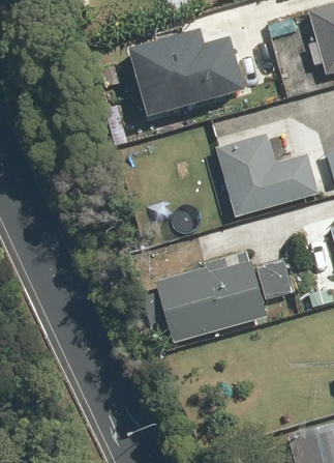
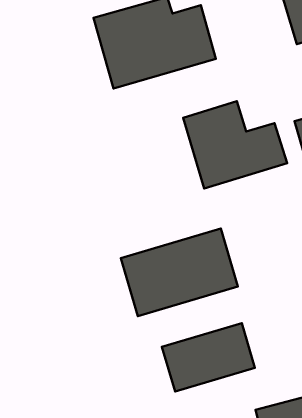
building: none -> [162,323,255,391]

